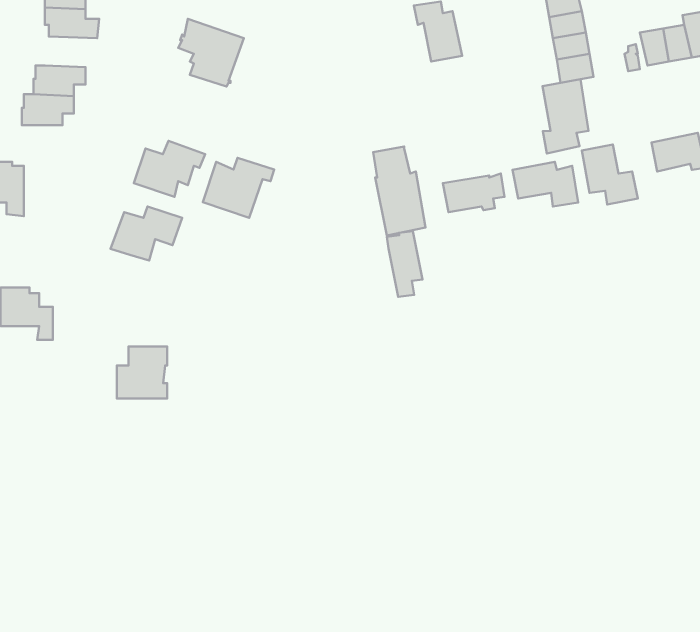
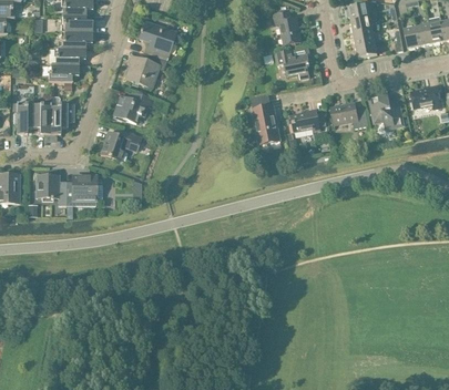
building: none -> [62,30,92,48]
building: none -> [276,49,309,78]
building: [543,79,589,154] -> none
building: [203,158,274,218] -> [125,52,166,86]
building: none -> [50,103,74,133]
building: [387,231,423,297] -> none
building: [117,346,167,399] -> [67,174,95,204]

